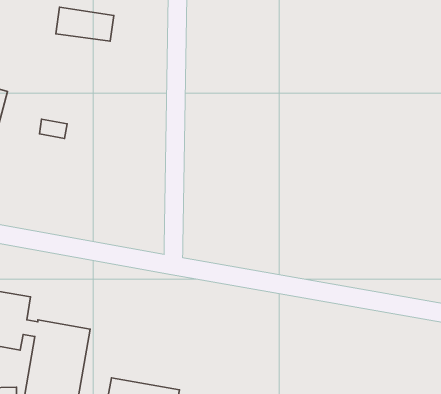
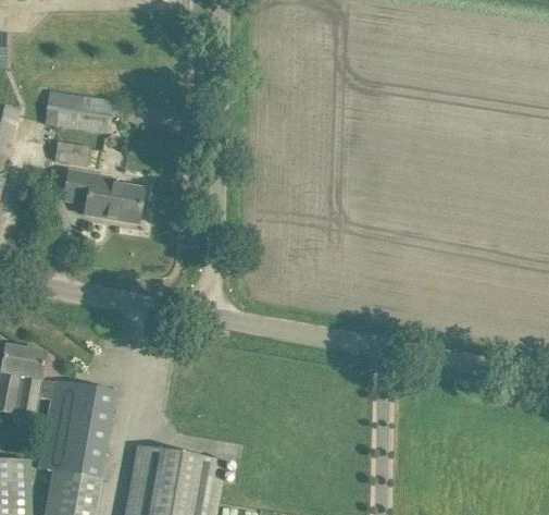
building: [56,7,114,41] -> [41,90,110,131]
building: none -> [61,170,141,222]

